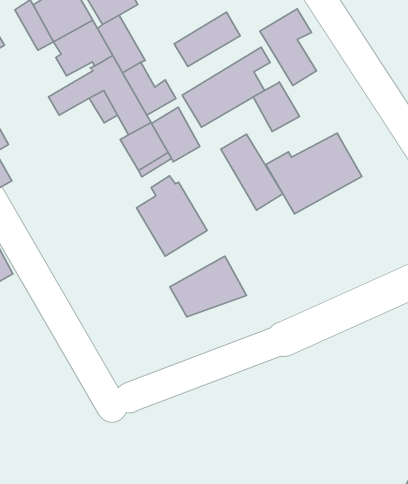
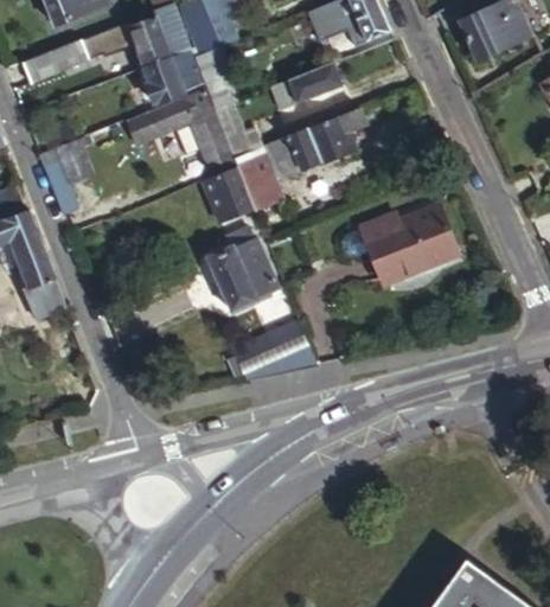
building: [260,9,317,85] -> none
building: [253,82,299,132] -> none
building: [221,134,283,210] -> none

